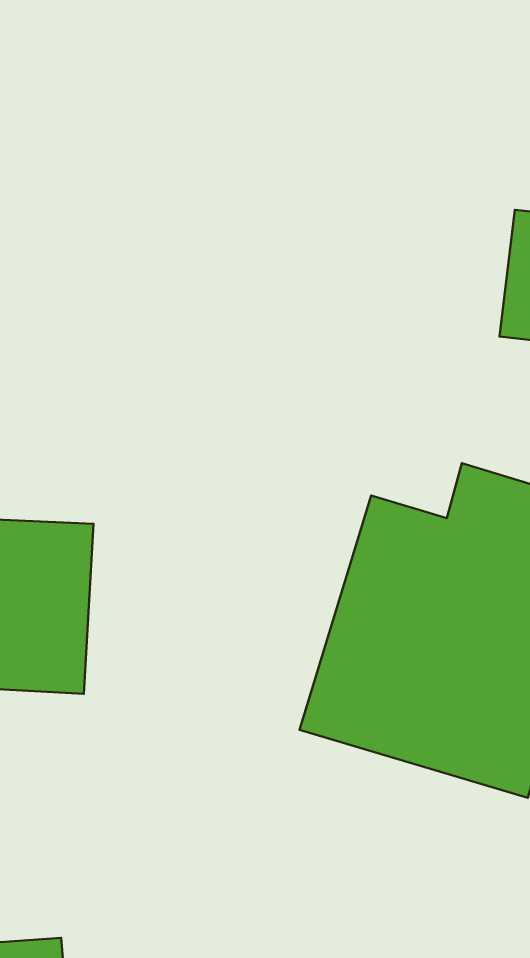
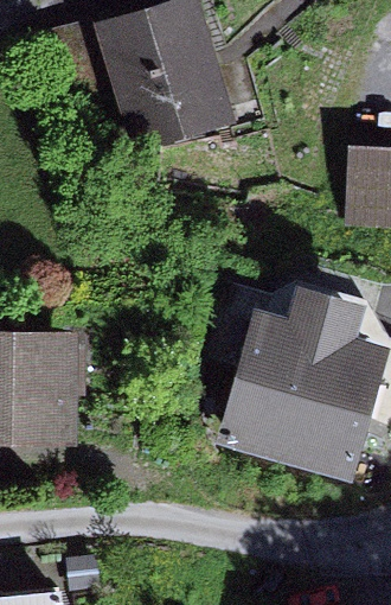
building: none -> [97,6,231,151]

